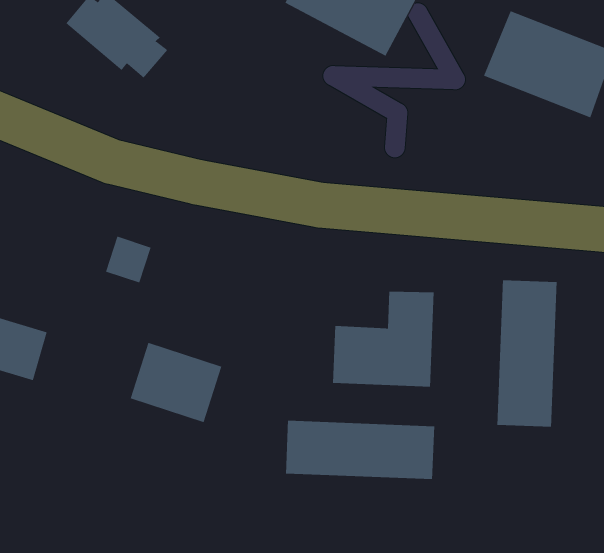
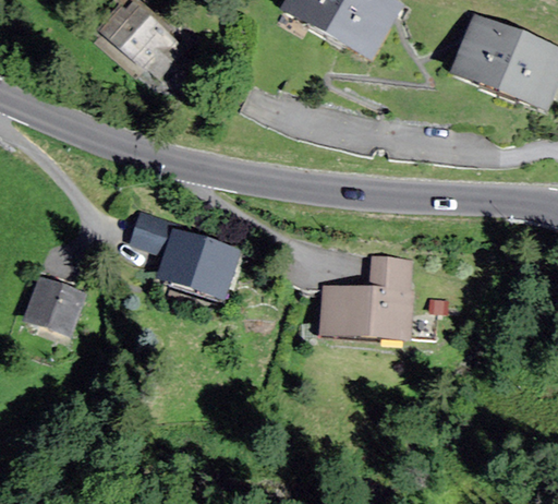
building: [497,279,557,428] -> none
building: [130,342,222,423] -> [158,228,236,297]
building: [285,420,435,480] -> none

